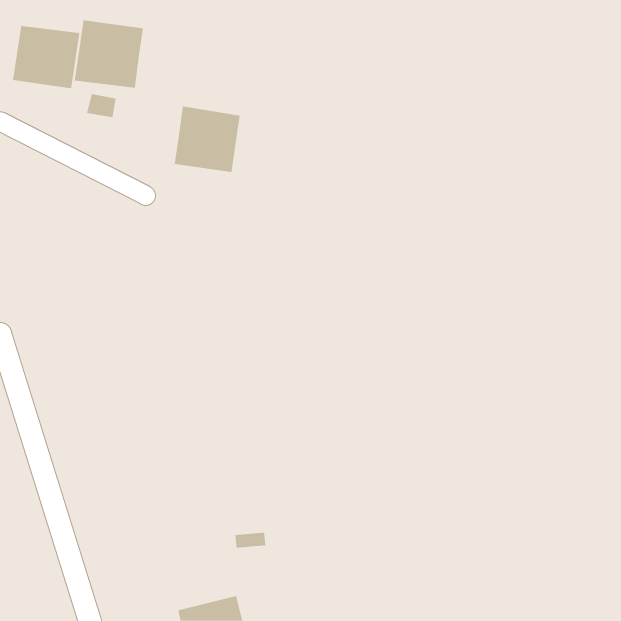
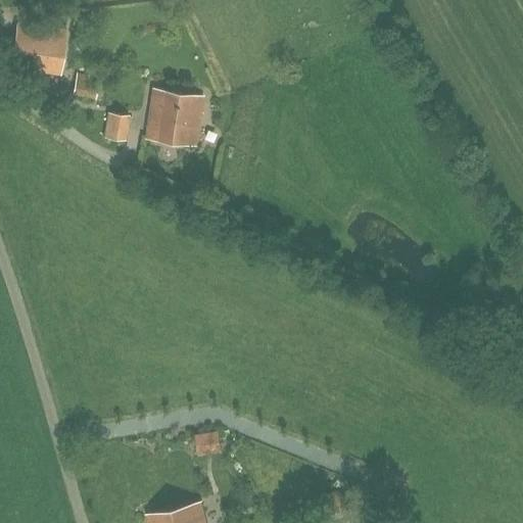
building: [74,19,144,88] -> none
building: none -> [104,112,130,141]

